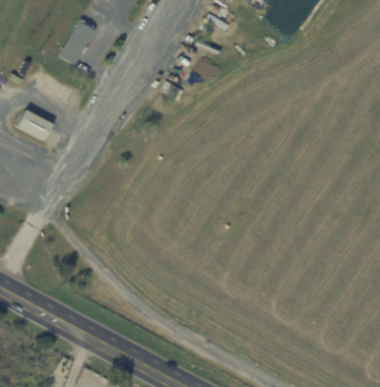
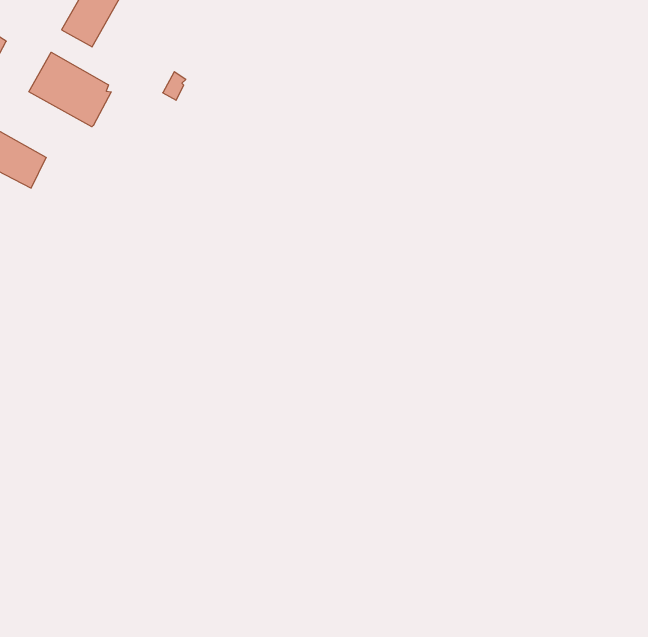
building: none -> [29,52,111,127]

